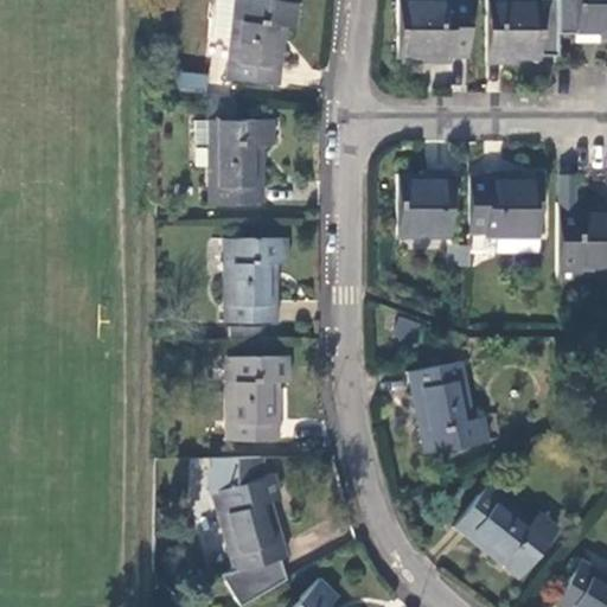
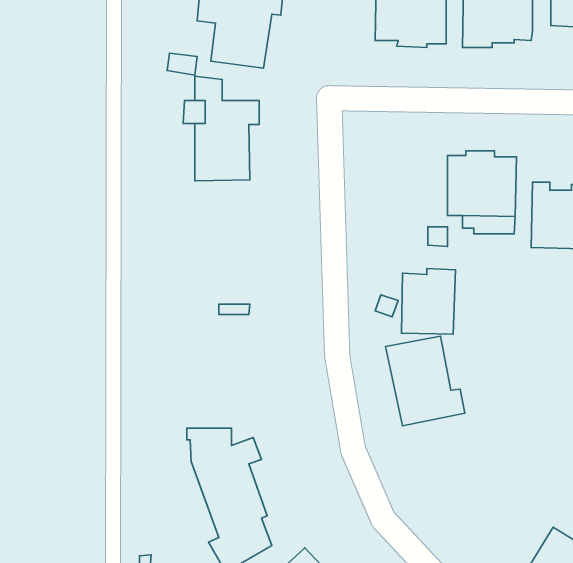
building: [398,171,454,238] -> [401,269,455,334]
building: [225,238,293,322] -> none
building: [224,352,294,440] -> none
building: [455,487,560,581] -> none

